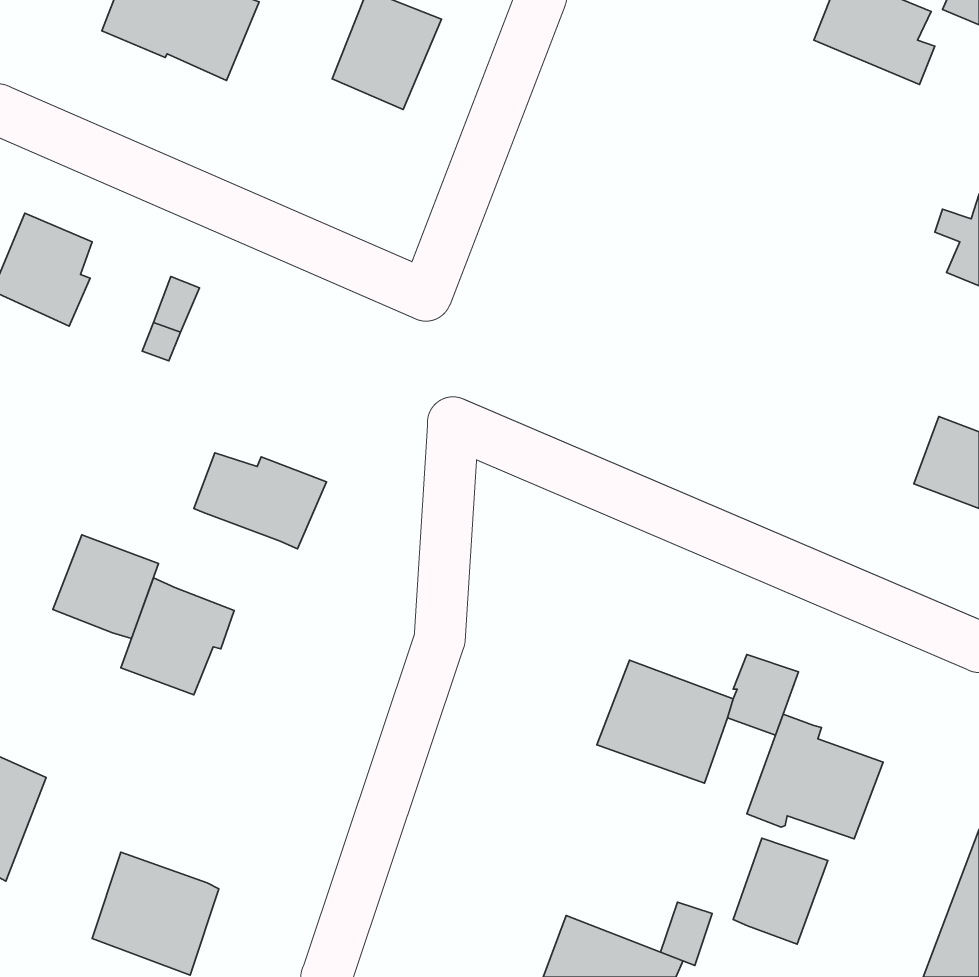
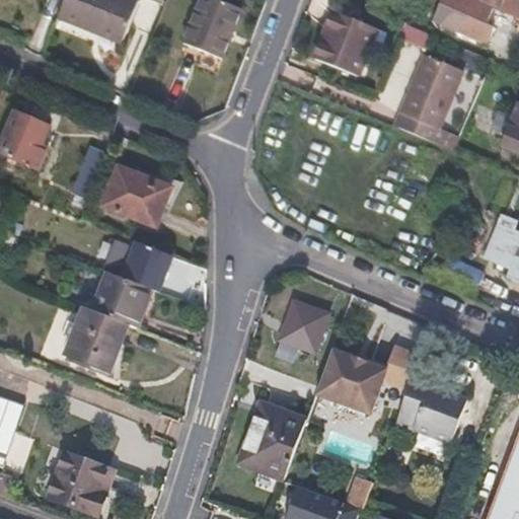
building: none -> [314,8,387,71]
building: none -> [393,51,464,149]
building: none -> [106,165,173,225]
building: [53,535,158,638] -> [92,271,148,325]
building: none -> [279,300,328,351]
building: none -> [239,400,307,478]
building: [733,838,828,944] -> none

